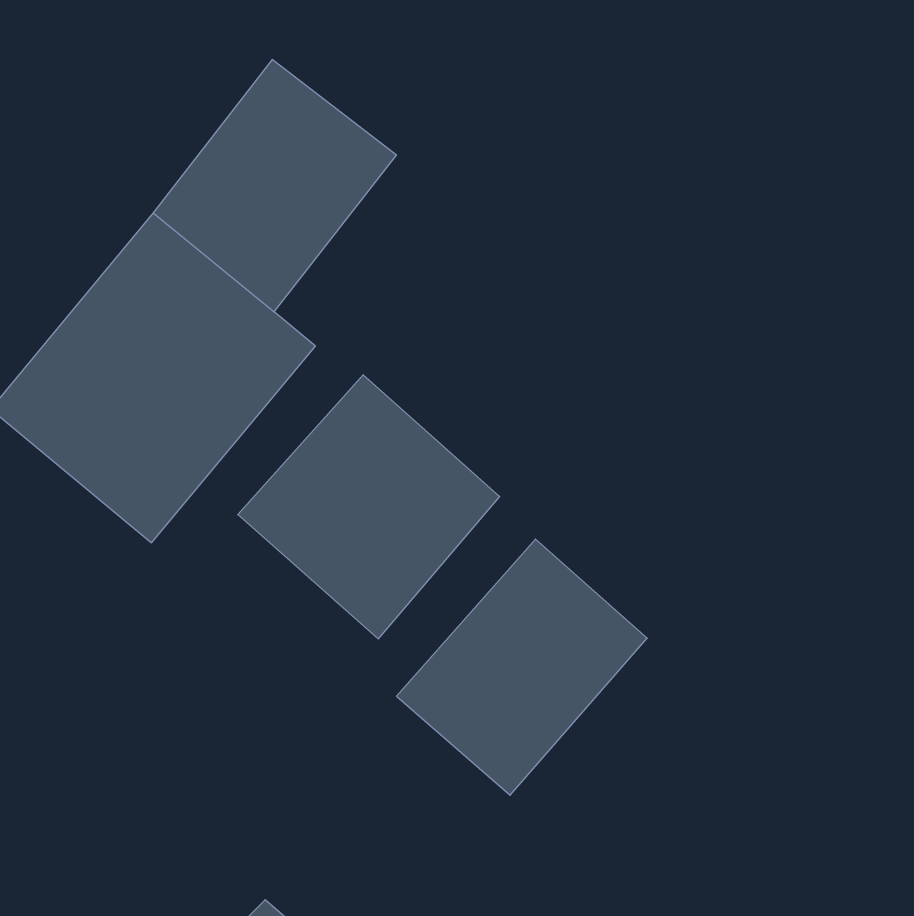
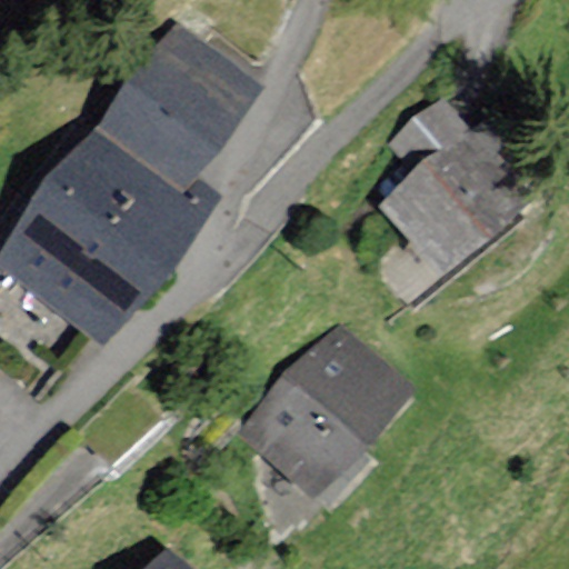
building: none -> [382,111,540,274]
building: [238,375,500,639] -> none

